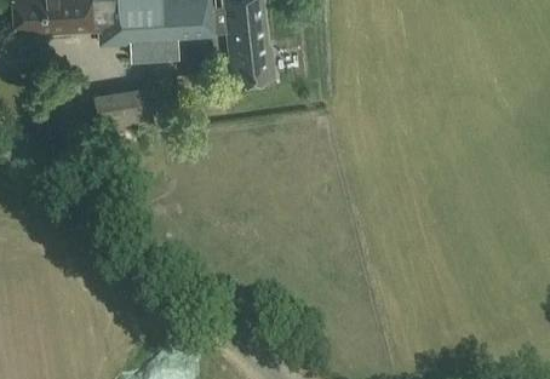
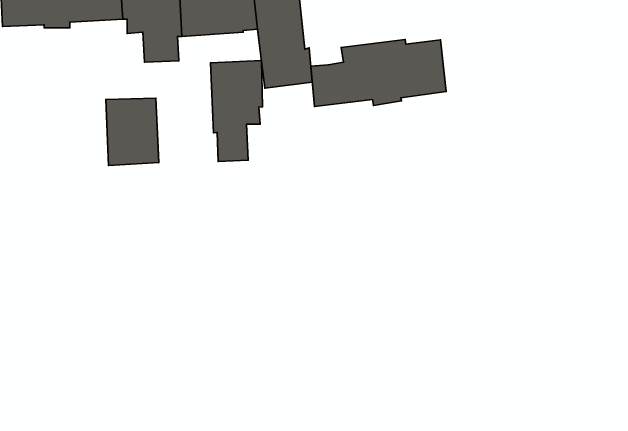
building: none -> [311,40,446,106]
building: none -> [210,61,263,162]

